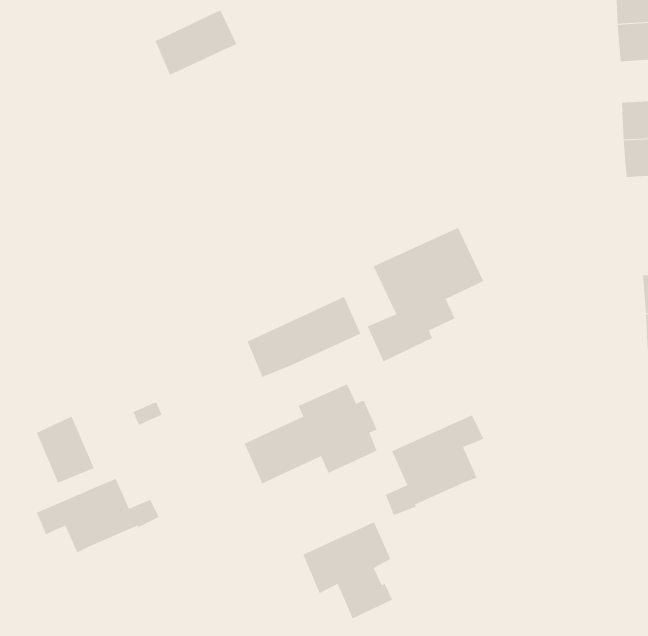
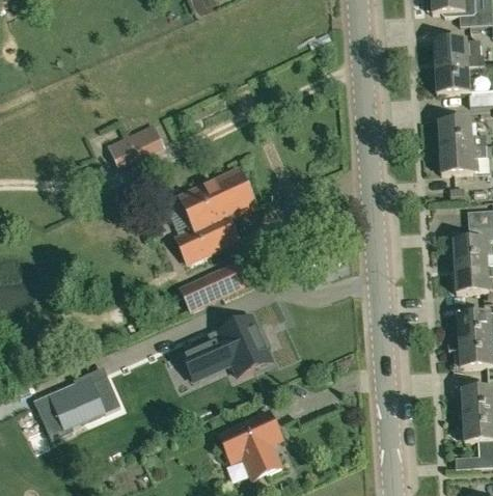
building: [155,10,237,76] -> [108,122,165,168]
building: [367,227,484,362] -> [175,169,256,263]
building: [385,414,484,516] -> none
building: [36,416,94,483] -> none

